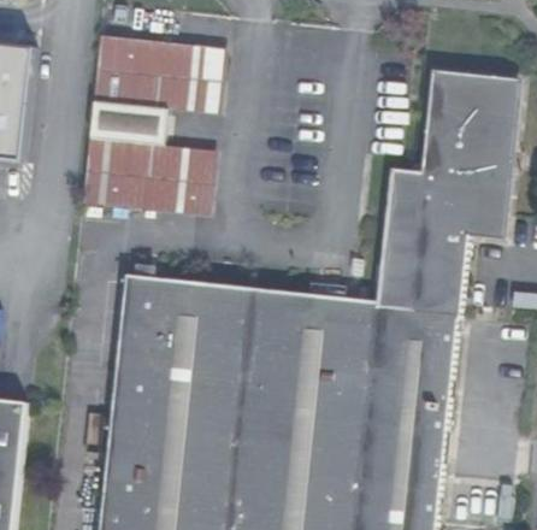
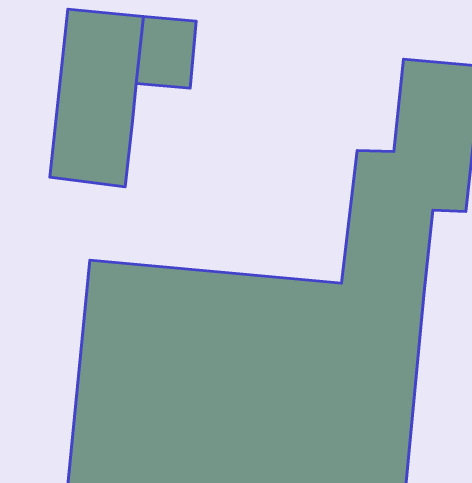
building: [159,145,219,214] -> none

